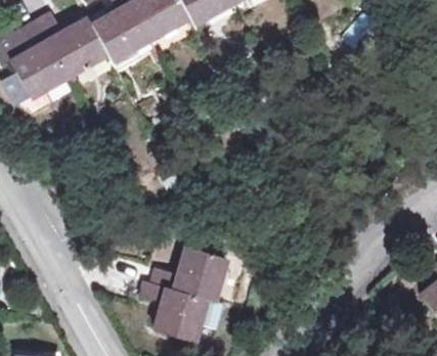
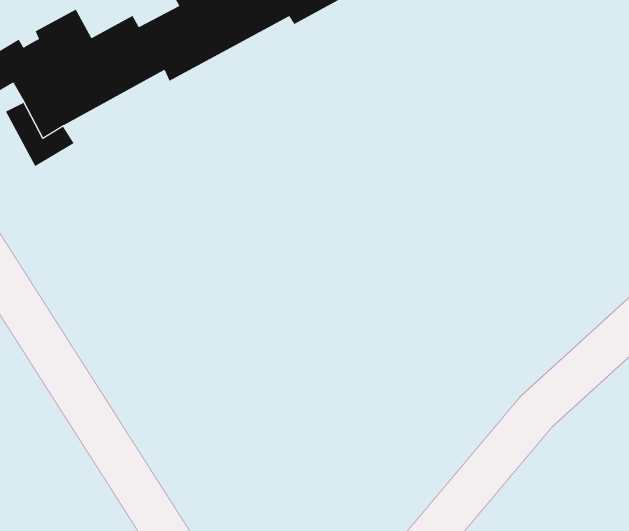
building: [140,249,225,341] -> none

